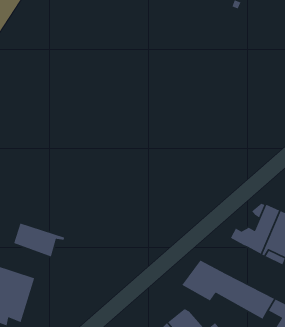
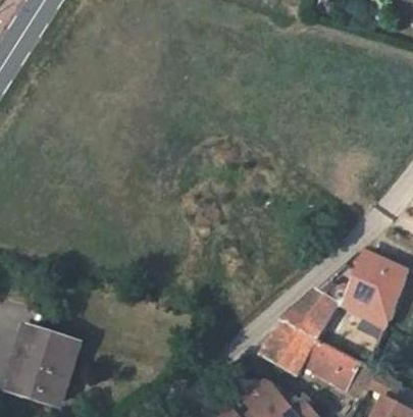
building: [13,223,65,257] -> none
building: none -> [278,292,335,340]

